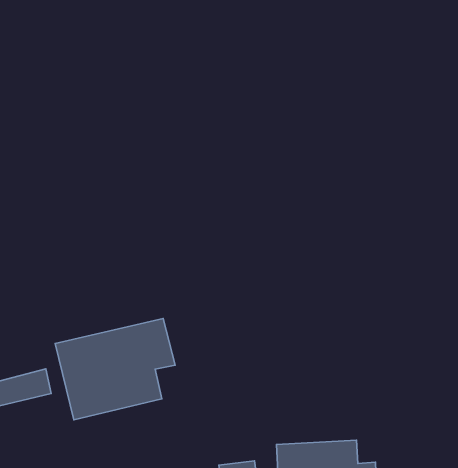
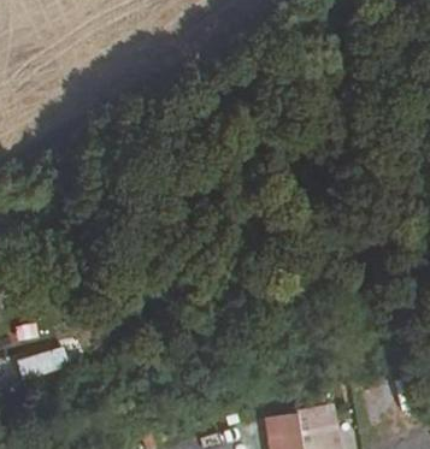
building: [55,318,175,420] -> none

